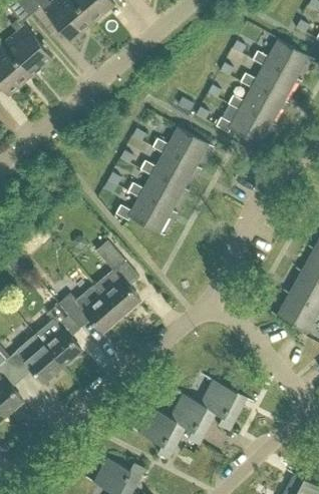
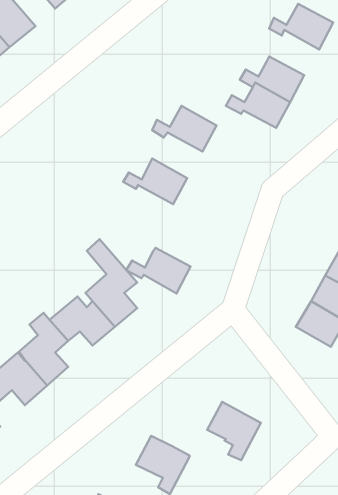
building: [240,61,296,100] -> none
building: [139,149,196,188] -> none
building: [115,194,171,233] -> [126,248,191,293]
building: [170,395,216,445] -> none

